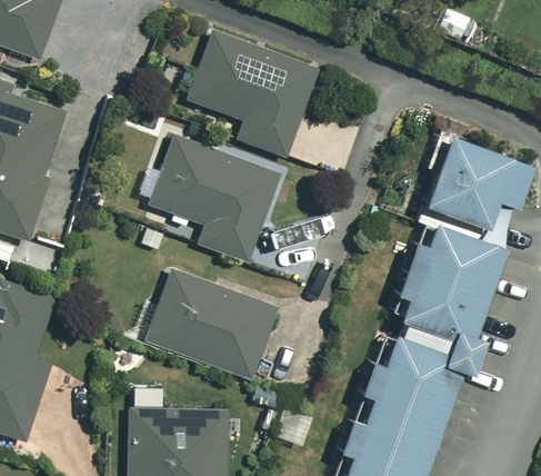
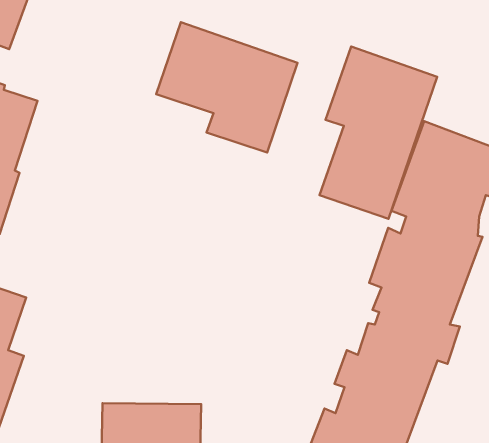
building: none -> [320,47,437,219]
building: [139,137,280,261] -> none
building: [148,272,277,377] -> none

